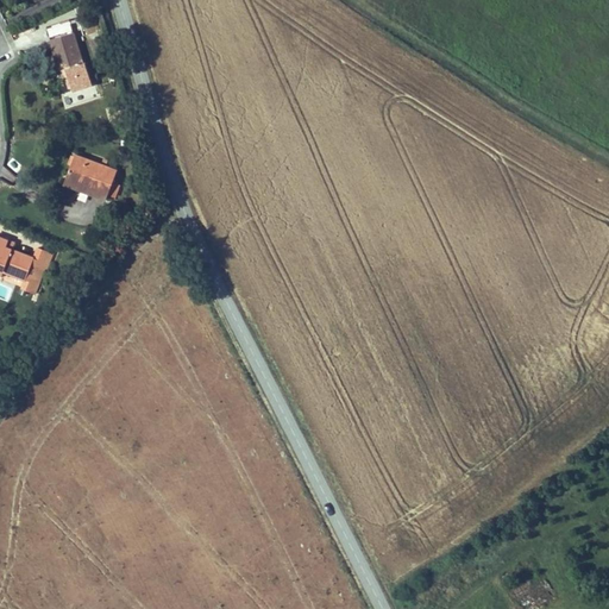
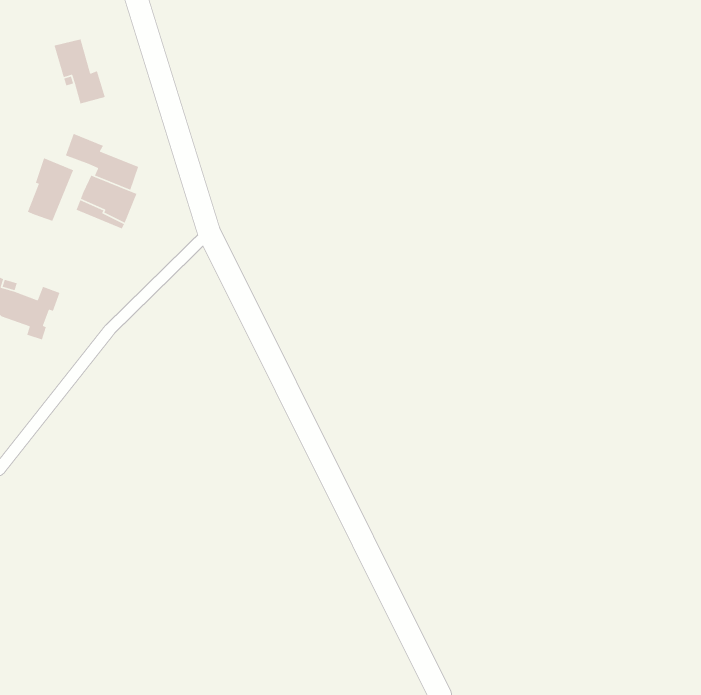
building: none -> [65,133,139,191]
building: none -> [27,157,74,222]

